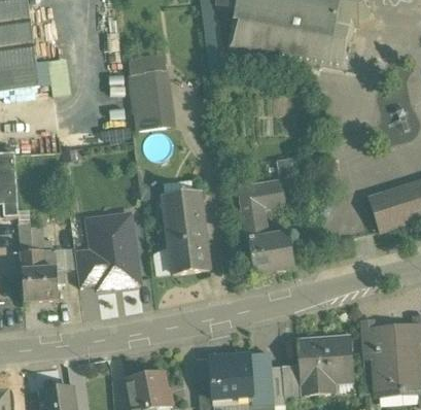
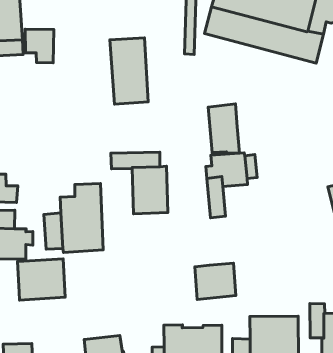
building: none -> [208,104,239,153]
building: [249,233,294,274] -> [195,263,236,299]
building: [168,238,207,272] -> none
building: none -> [17,259,65,300]

